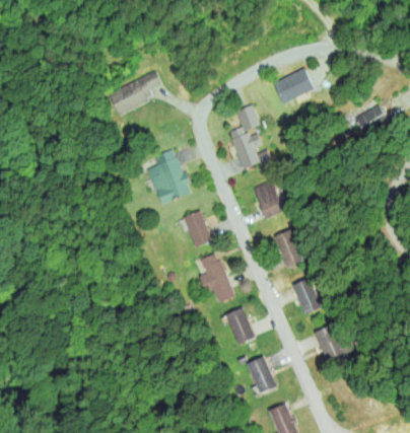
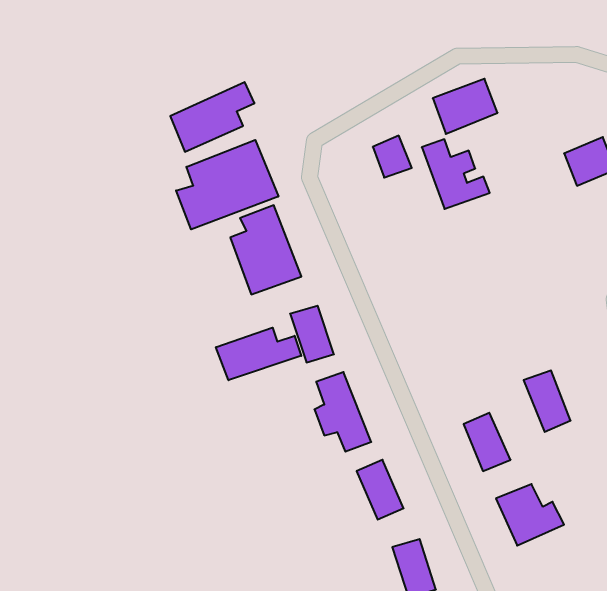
building: none -> [176,140,278,229]
building: [228,126,271,169] -> [422,139,490,209]
building: [253,179,285,218] -> none
building: none -> [216,328,301,380]
building: [273,229,302,268] -> [524,370,571,432]

